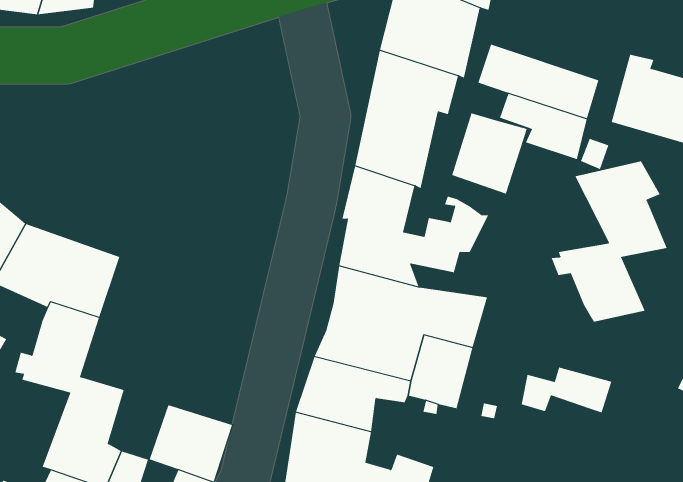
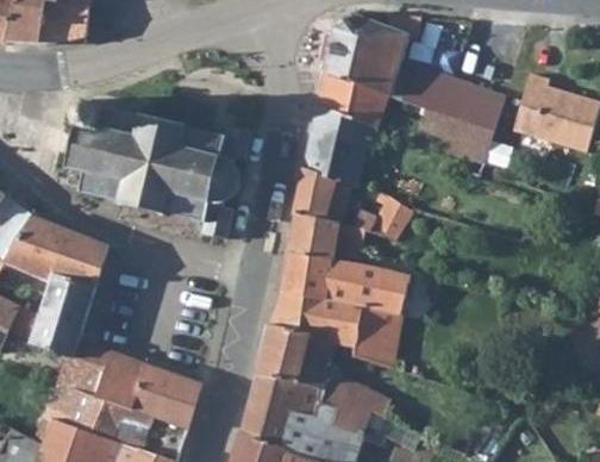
building: none -> [61,96,252,238]
building: [452,113,528,194] -> none
building: [551,160,667,322] -> none
building: [521,367,612,413] -> [311,381,386,419]
building: none -> [99,352,148,410]

